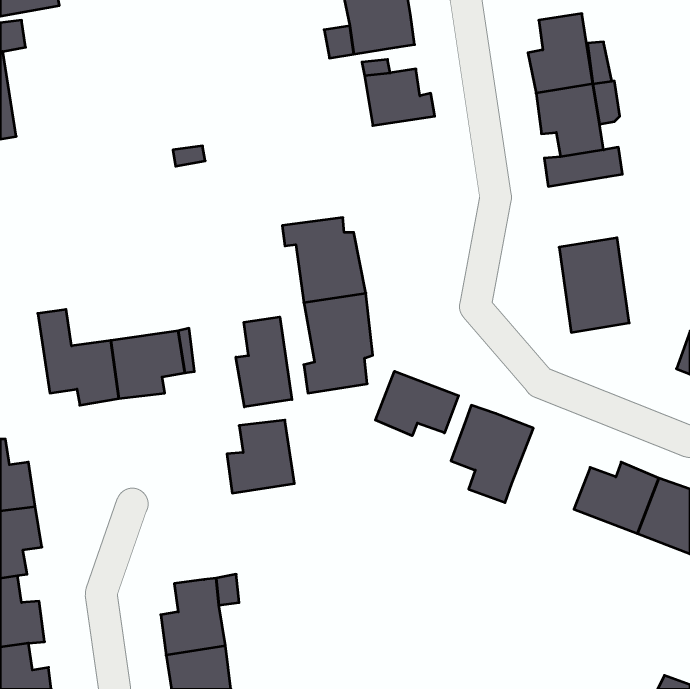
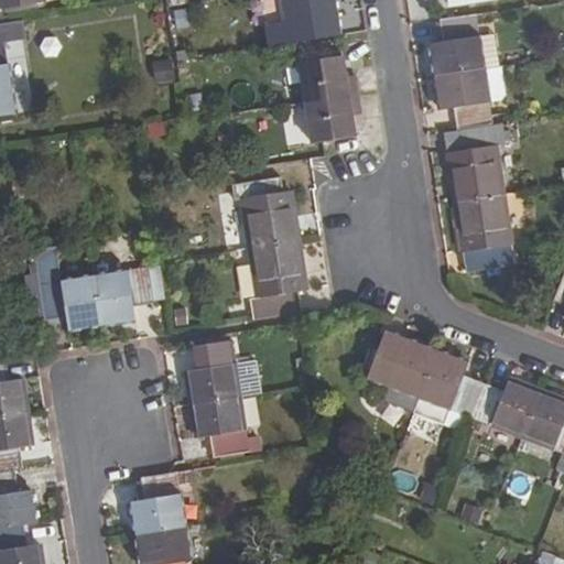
building: none -> [304,95,357,142]
building: none -> [447,144,503,202]
building: [236,317,292,407] -> none
building: [375,371,459,436] -> none
building: none -> [417,349,481,415]
building: none -> [189,394,259,455]

